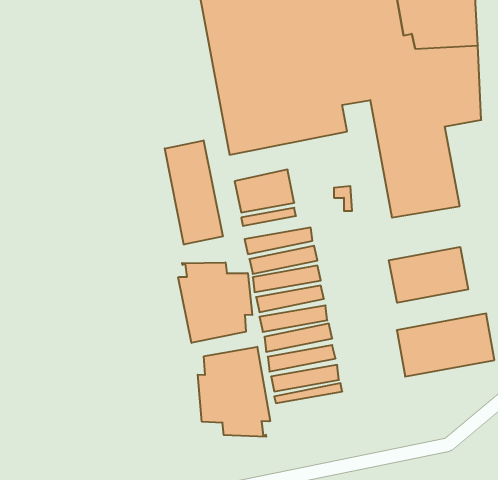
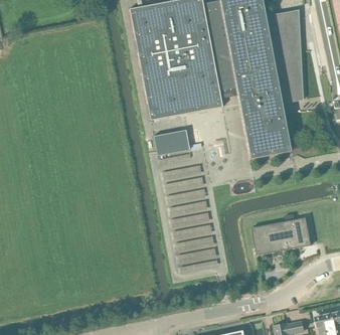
building: [165,140,223,245] -> none
building: [389,247,468,303] -> none
building: [178,262,252,343] -> none
building: [198,347,270,437] -> none

